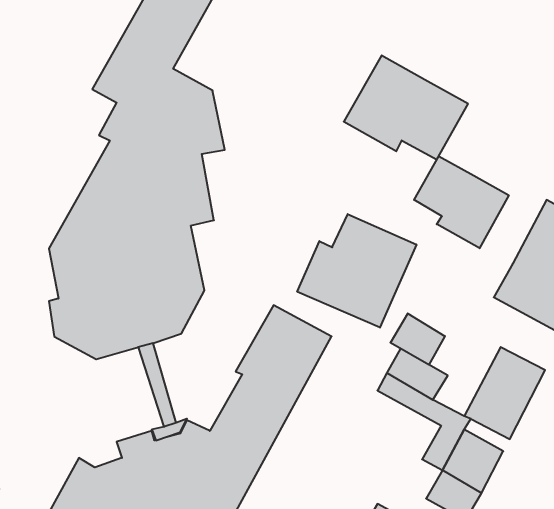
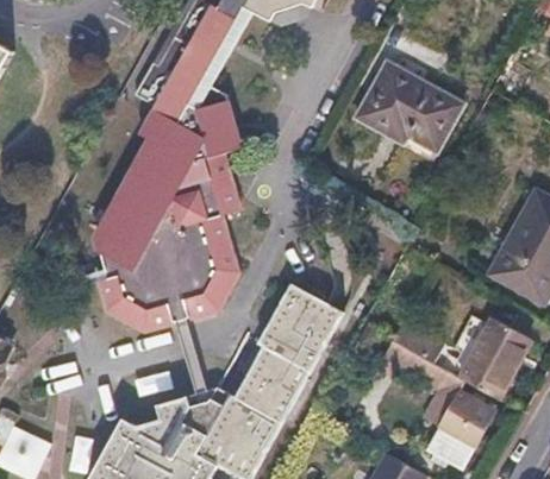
building: [414,156,509,248] -> none
building: [297,214,416,328] -> none
building: [390,313,445,365] -> none

